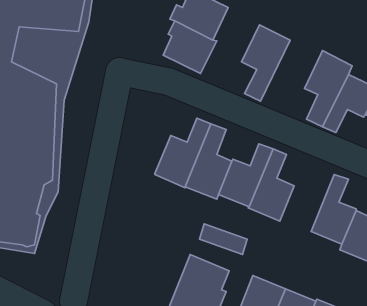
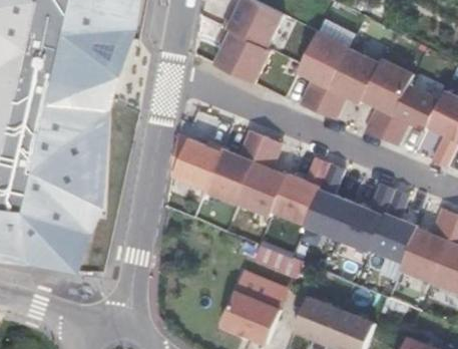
building: none -> [317,48,380,119]
building: none -> [172,134,222,189]
building: none -> [337,184,394,252]

